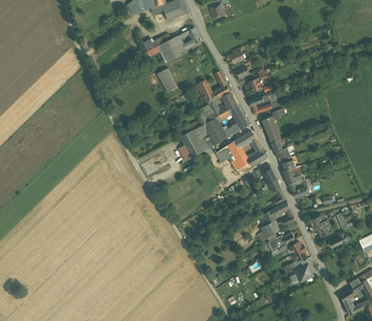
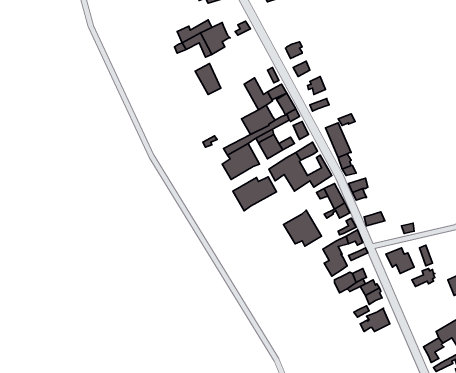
building: none -> [233,177,277,211]
building: none -> [284,210,322,246]

